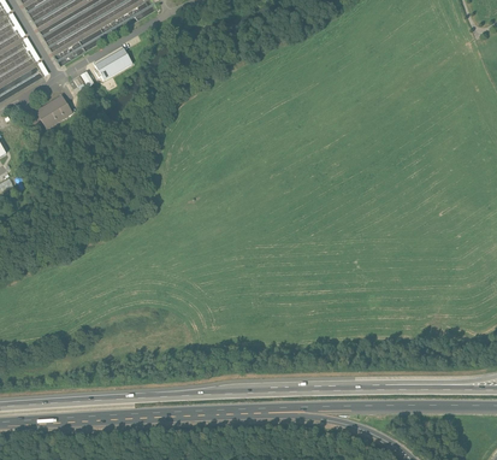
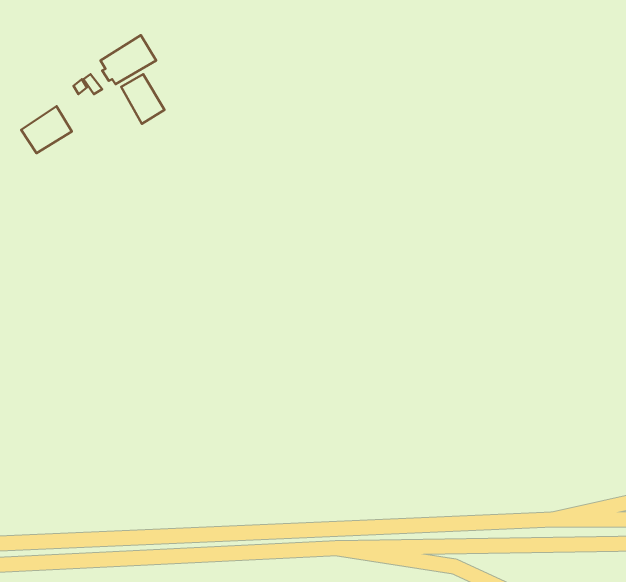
building: none -> [121,74,164,124]

